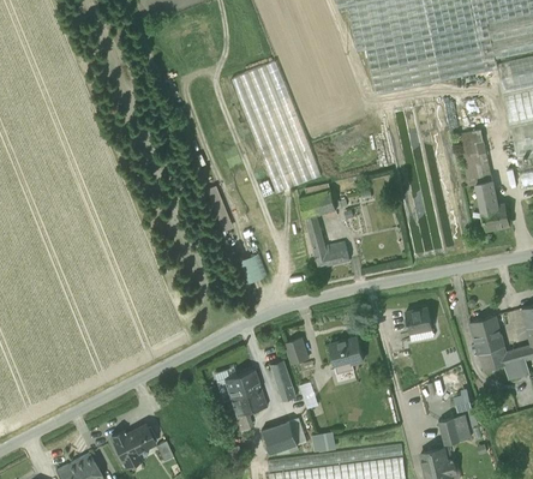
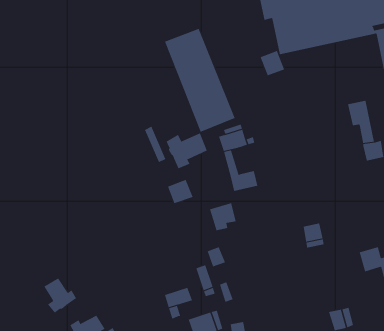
building: none -> [260,50,285,76]
building: [457,130,486,158] -> none
building: none -> [166,133,208,169]
building: [469,316,502,346] -> none
building: [329,337,364,373] -> [209,202,237,231]
building: [223,371,260,400] -> none
building: none -> [43,277,77,313]

